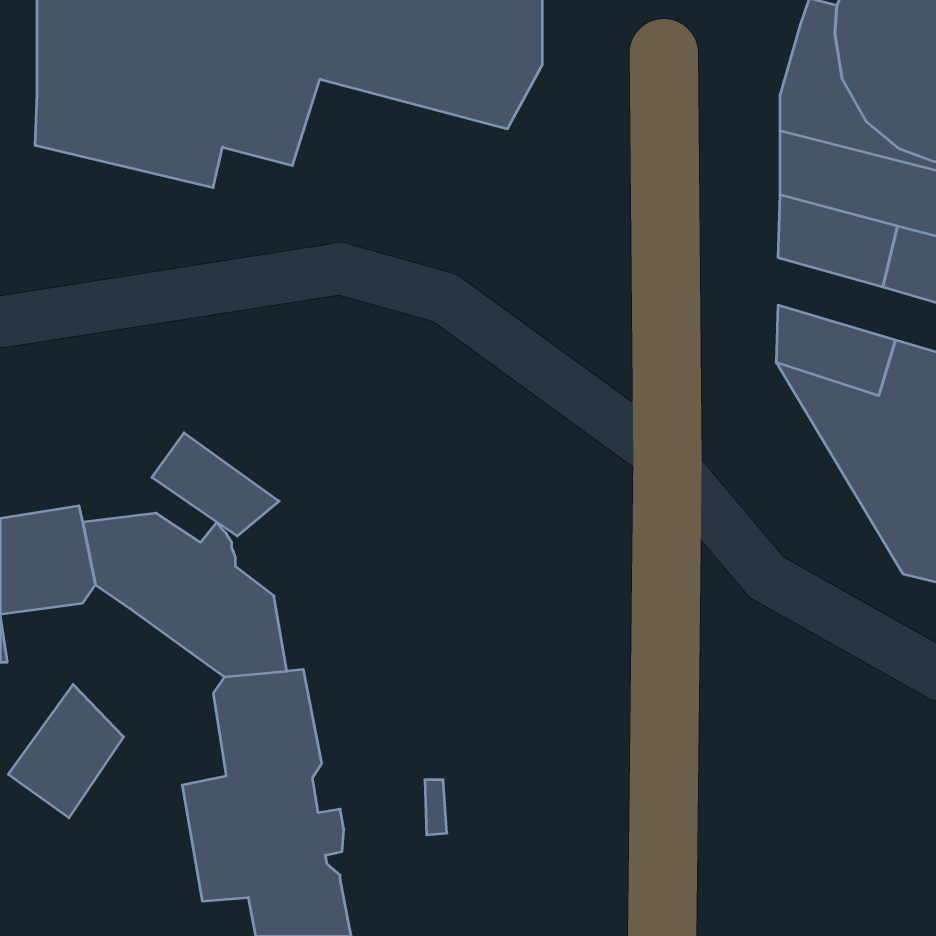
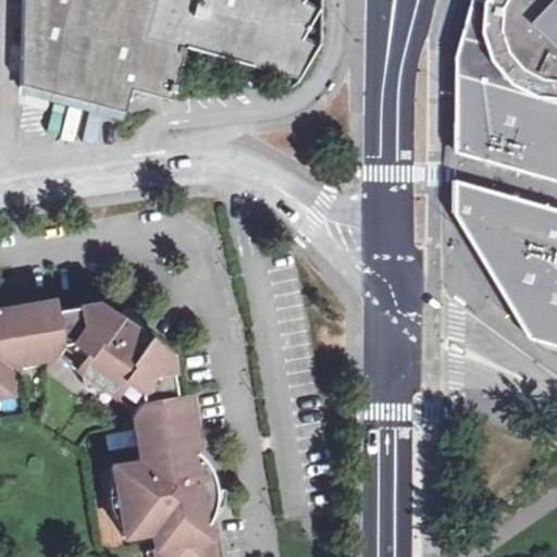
building: [152,433,279,536] -> none
building: [8,684,124,818] -> none

